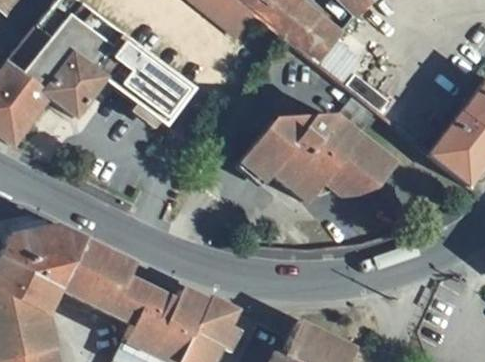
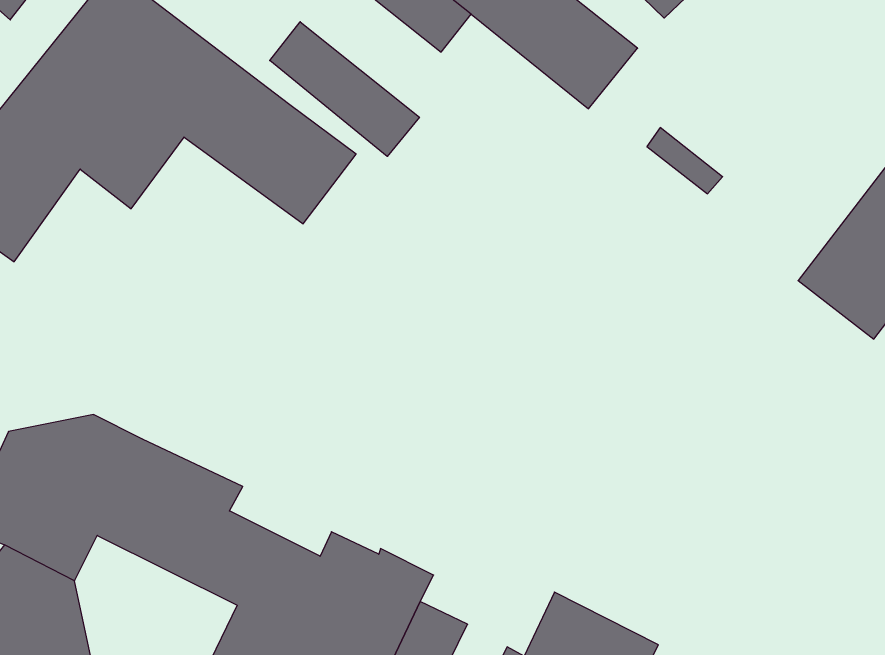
building: none -> [270,22,419,156]
building: [238,96,393,201] -> none

